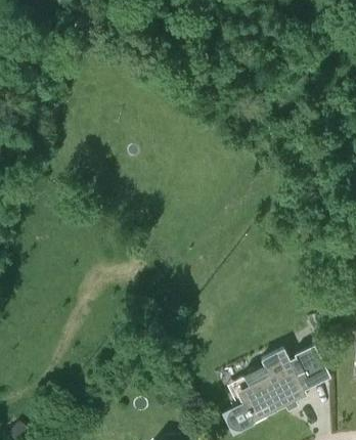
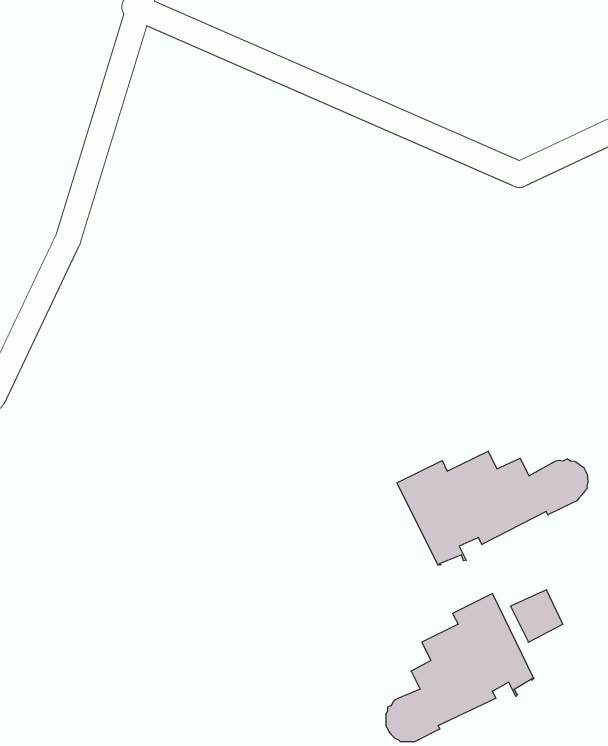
building: none -> [397,451,588,565]

